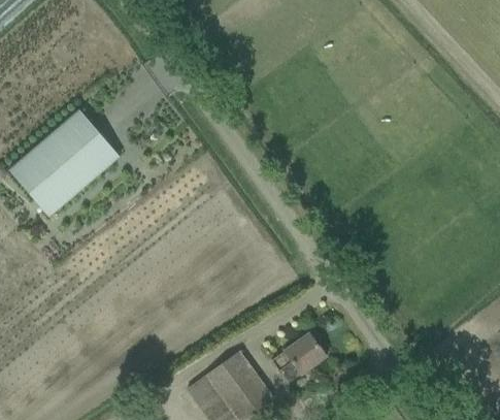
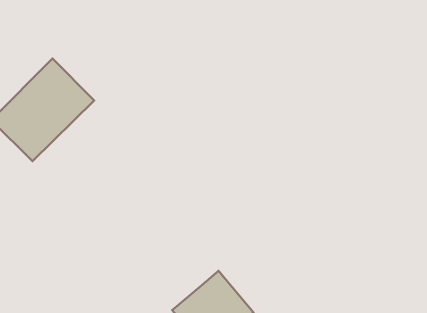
building: [271,332,326,375] -> none

